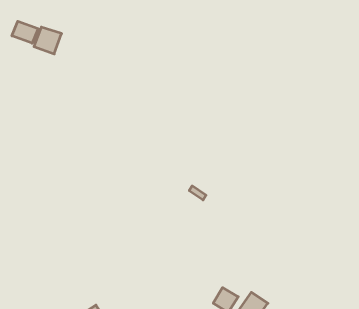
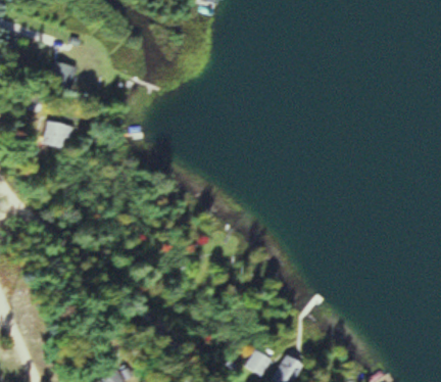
building: [12,21,38,43] -> none
building: none -> [40,118,74,150]

